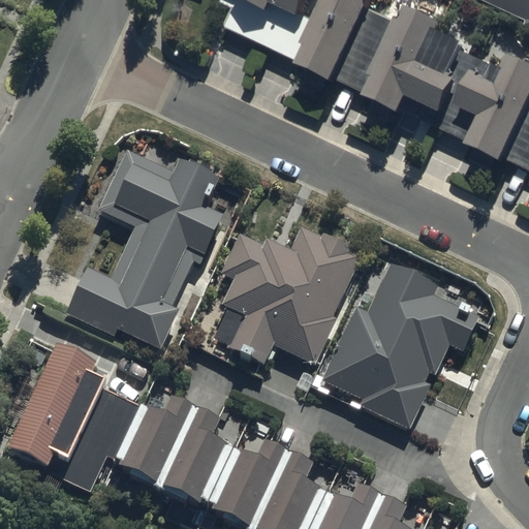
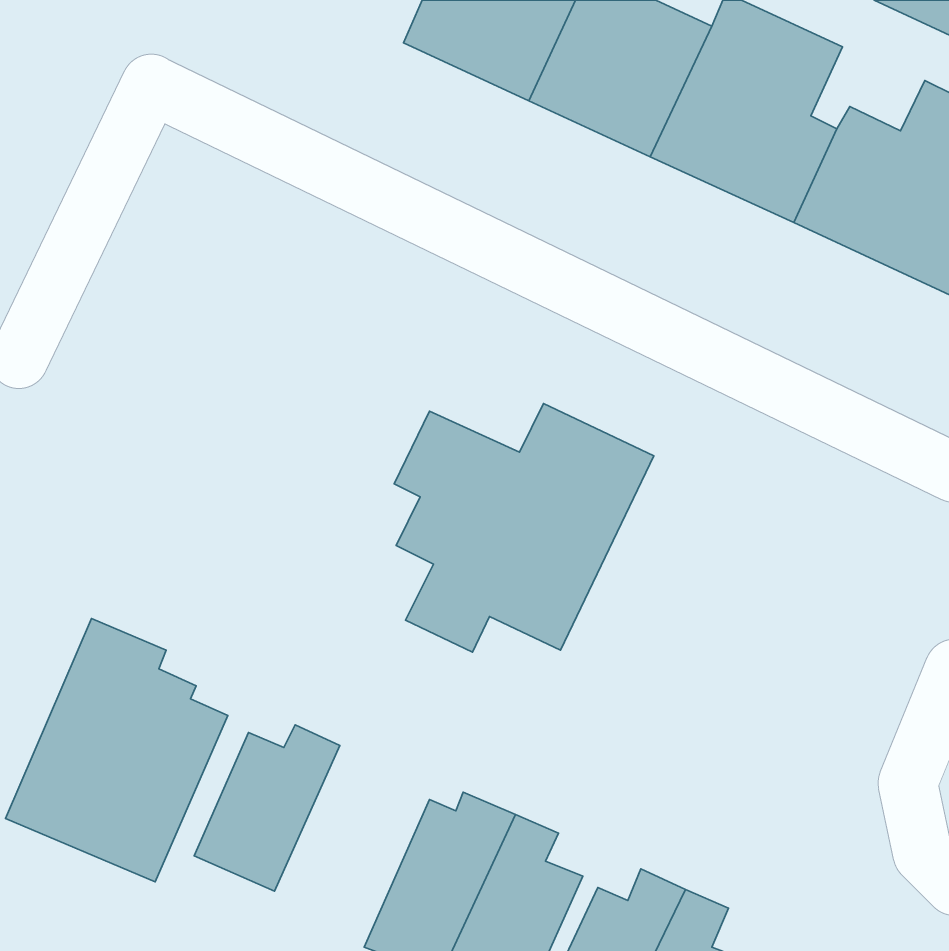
building: [67,152,224,353] -> none
building: [320,261,478,426] -> none
building: [155,414,229,514] -> none

